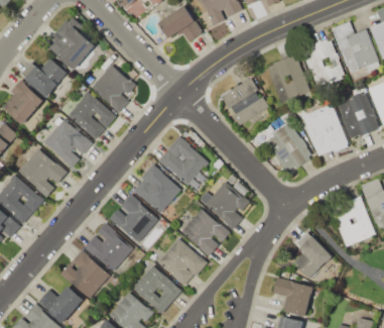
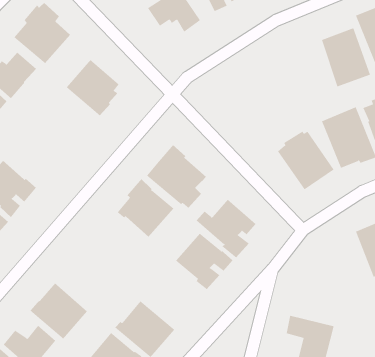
building: [267,53,310,103] -> none
building: [222,78,269,126] -> none
building: [68,92,116,138] -> none
building: [43,119,91,168] -> none
building: [109,194,157,242] -> none
building: [84,222,133,272] -> none
building: [293,232,332,279] -> none
building: [157,238,207,286] -> none

